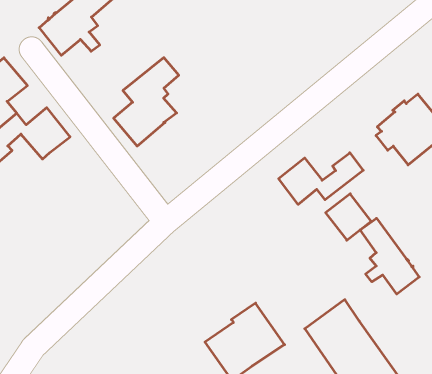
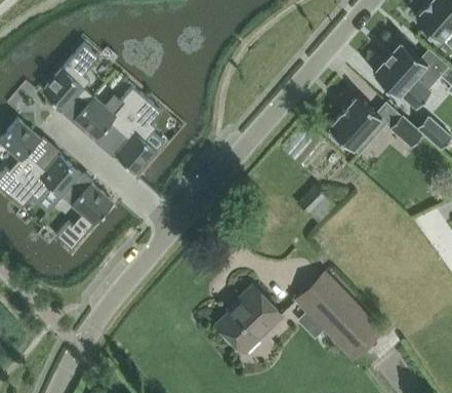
building: none -> [74,86,148,139]
building: none -> [56,183,114,248]
building: [279,153,363,204] -> none
building: [360,218,419,294] -> none

